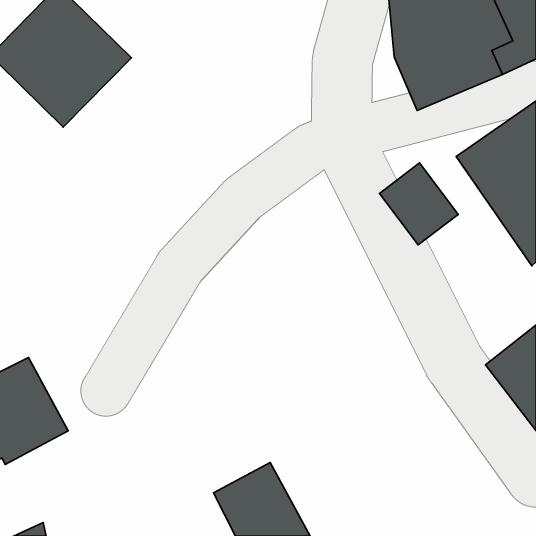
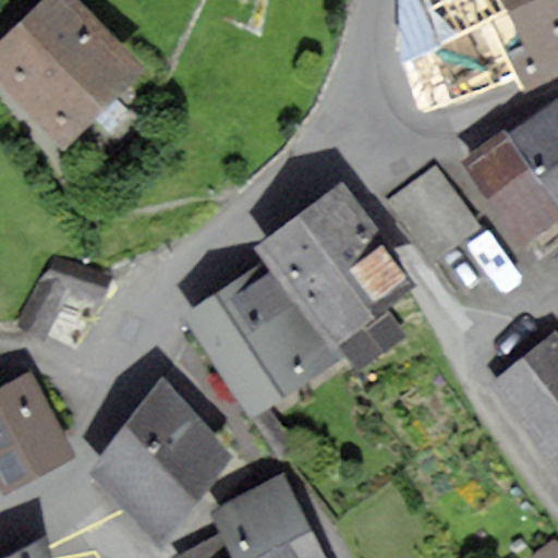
building: none -> [271,190,411,333]
building: none -> [192,267,326,405]
building: none -> [93,390,227,524]

